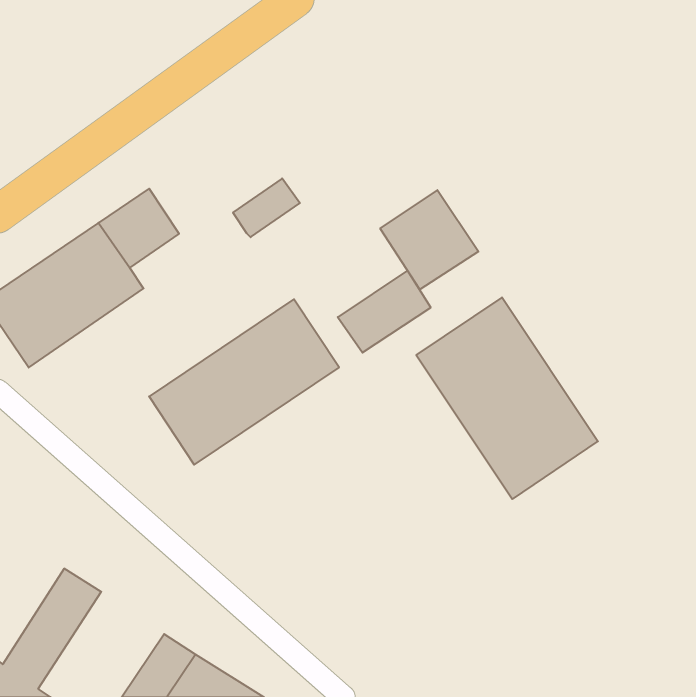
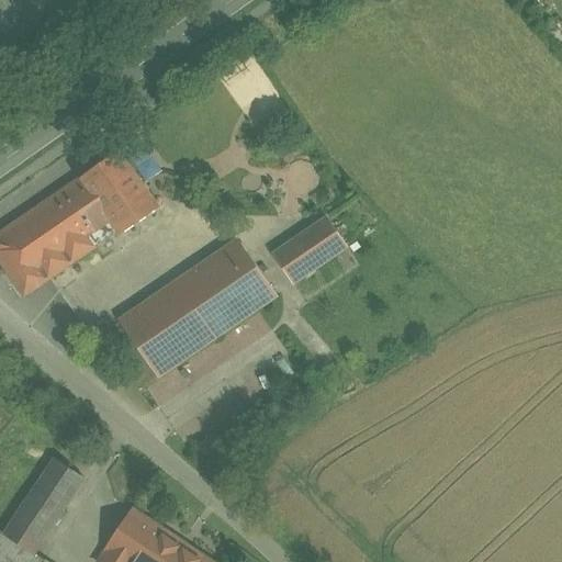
building: [233,178,300,237] -> [104,188,158,235]
building: [380,190,478,290] -> none
building: [416,297,598,499] -> none

